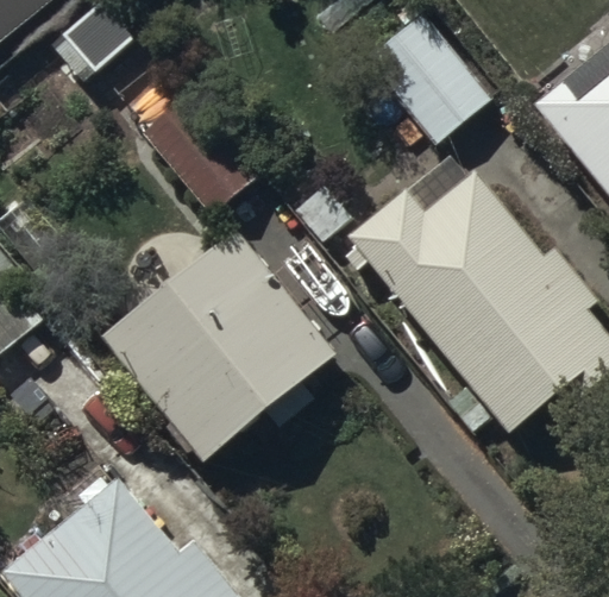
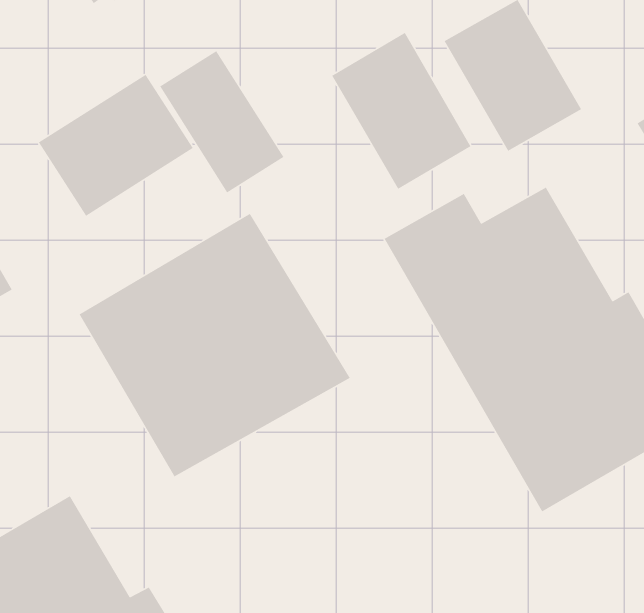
building: none -> [331,32,472,190]
building: none -> [38,74,194,217]

